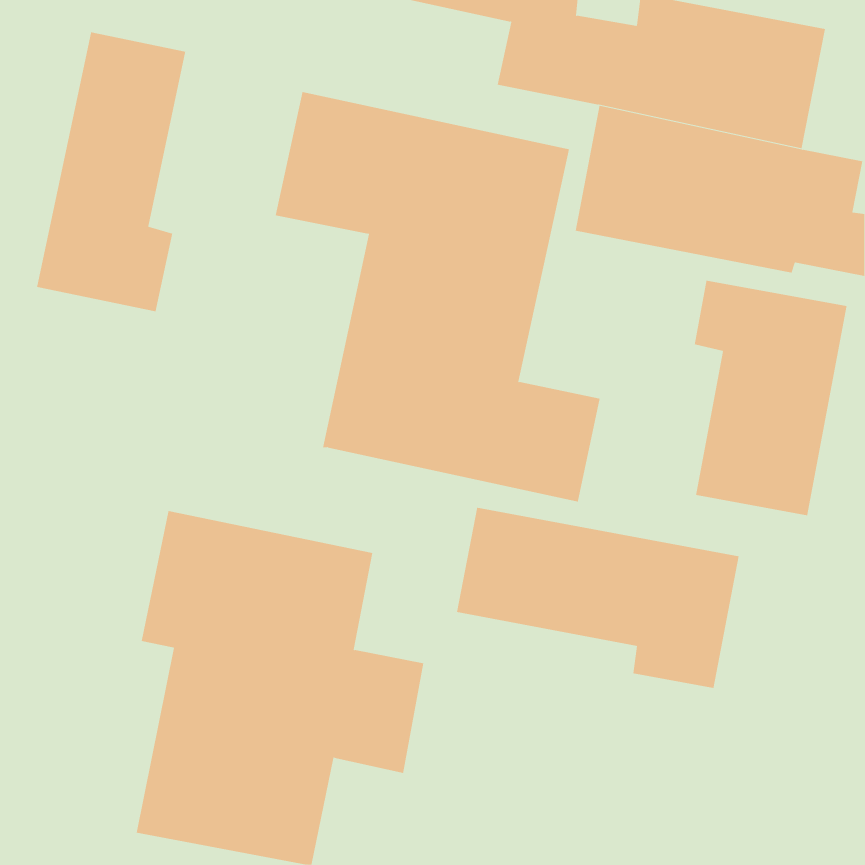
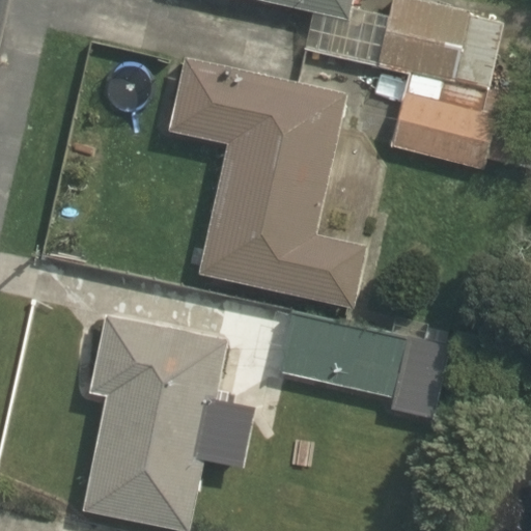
building: [36,32,186,312] -> none
building: [694,280,847,516] -> none

